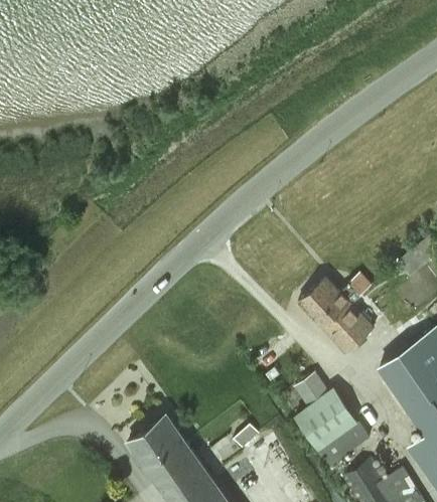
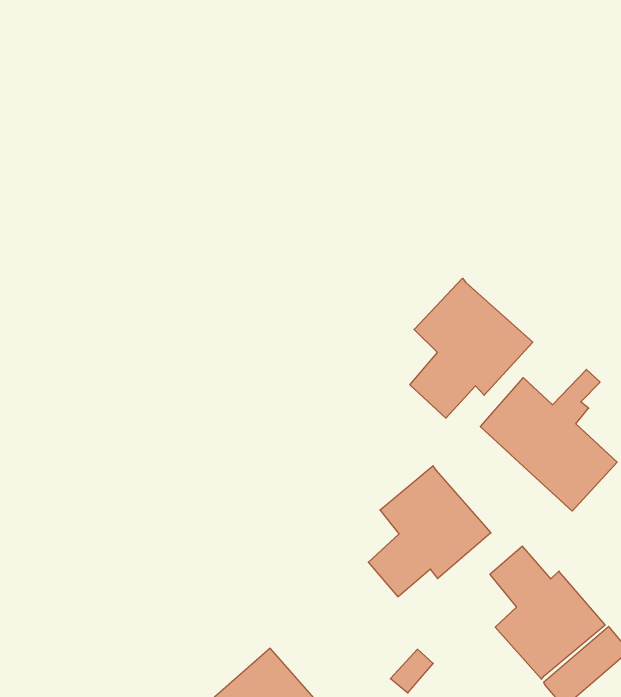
building: none -> [410,278,533,418]
building: none -> [368,466,491,597]

